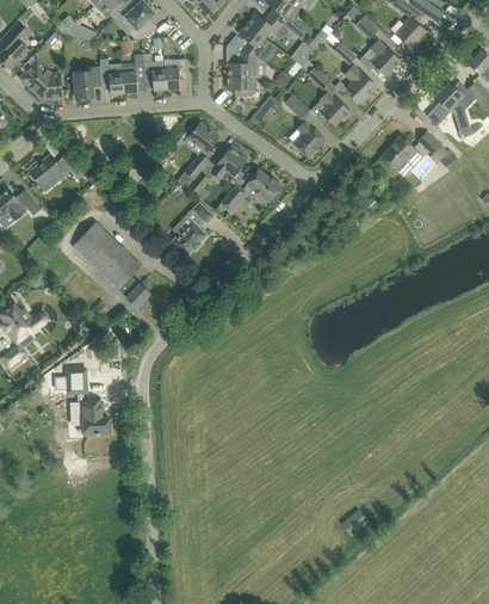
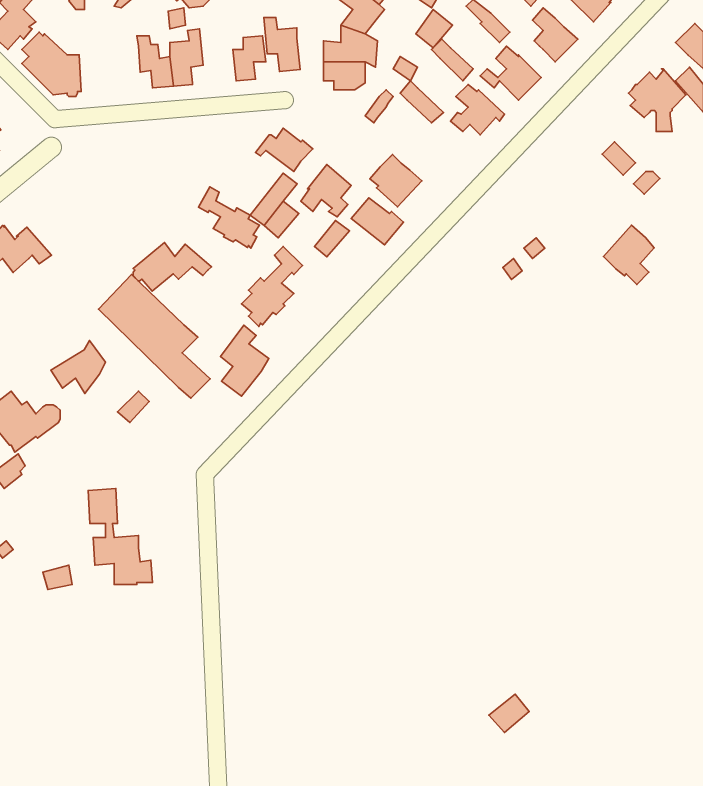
building: [142,54,167,91] -> [264,17,300,71]
building: [73,66,101,98] -> none
building: [289,121,324,156] -> [370,155,422,207]
building: [380,135,415,175] -> [604,225,654,284]
building: [29,154,82,187] -> [133,242,211,291]
building: none -> [199,187,260,248]
building: none -> [220,325,269,396]
building: none -> [51,340,105,393]

